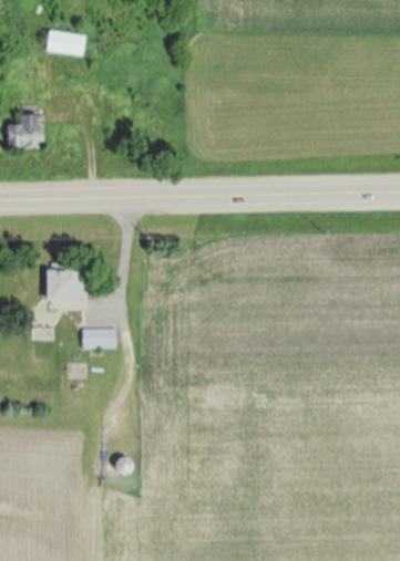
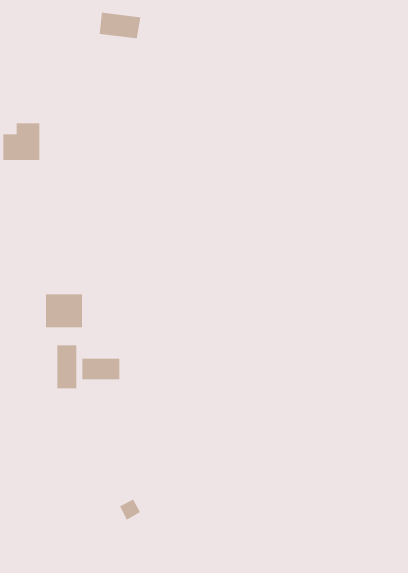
building: [47,30,85,54] -> [99,12,141,39]
building: none -> [57,344,77,389]

